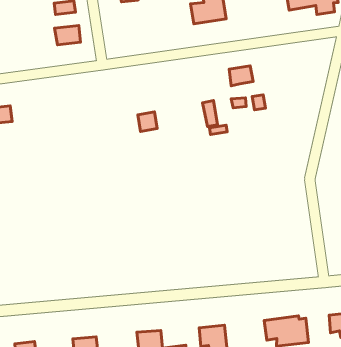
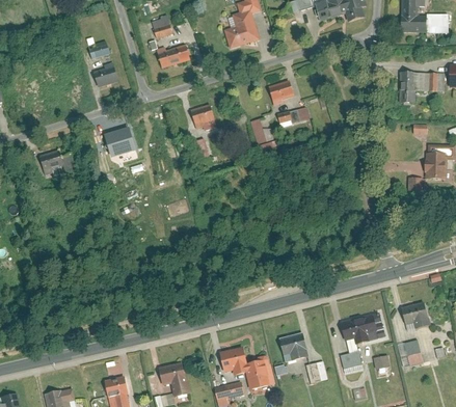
building: none -> [157,44,190,69]
building: none -> [192,105,217,130]
building: none -> [107,129,140,160]

